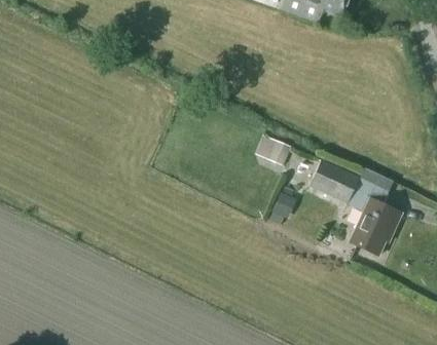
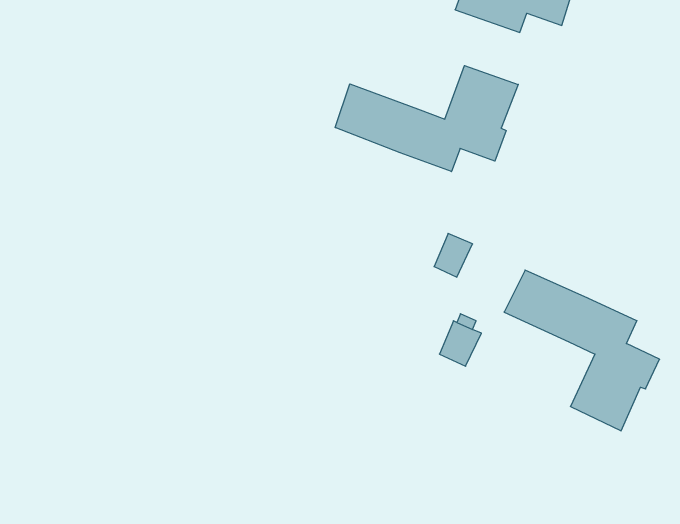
building: none -> [335,66,518,172]

